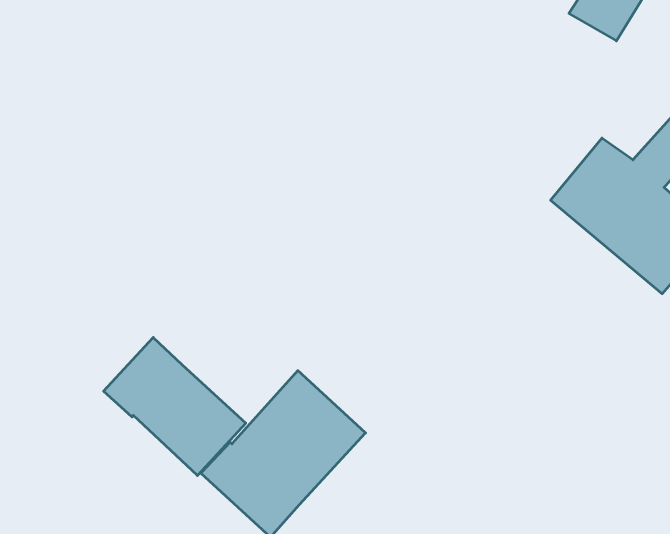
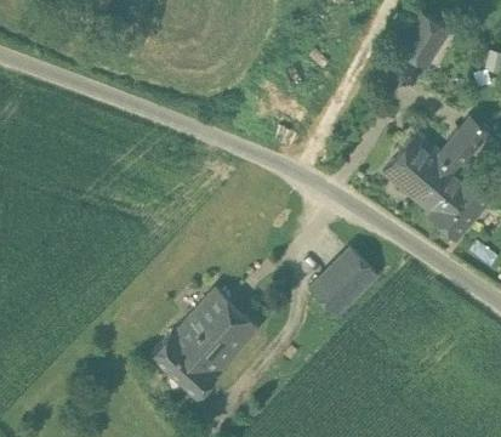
building: none -> [311,248,375,312]
building: [104,337,246,476] -> none

